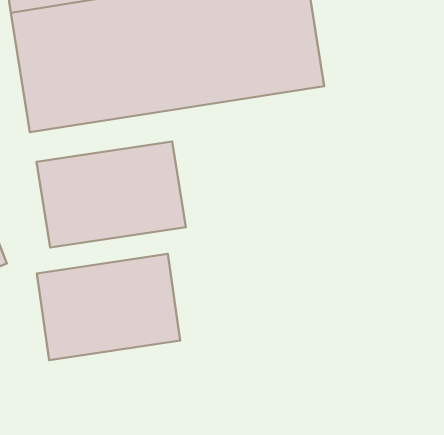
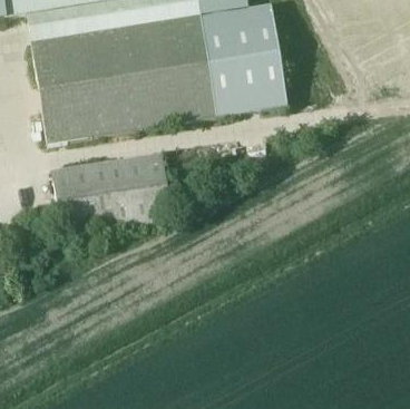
building: [37,254,180,360] -> none

